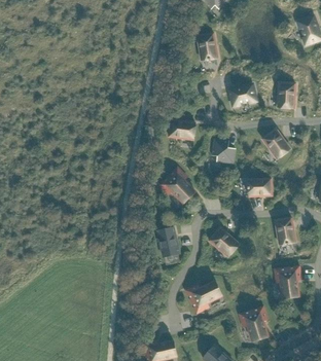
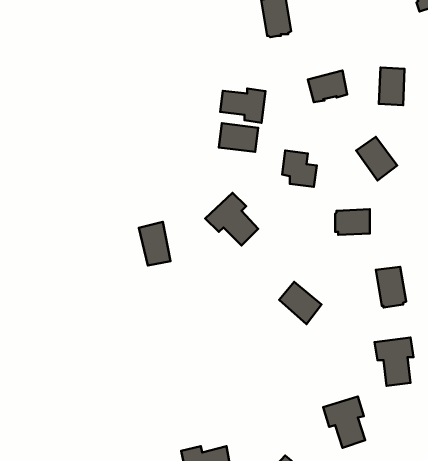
building: none -> [220,88,265,123]
building: [157,227,179,257] -> [139,222,170,266]
building: [186,281,222,313] -> none

